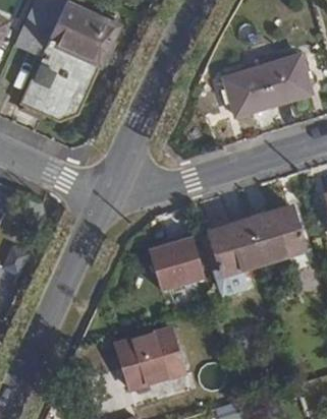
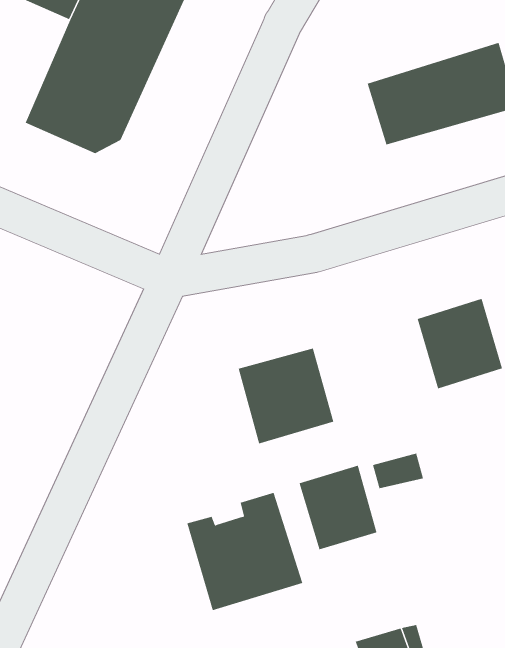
building: [213,218,265,273] -> none
building: none -> [299,465,377,550]

